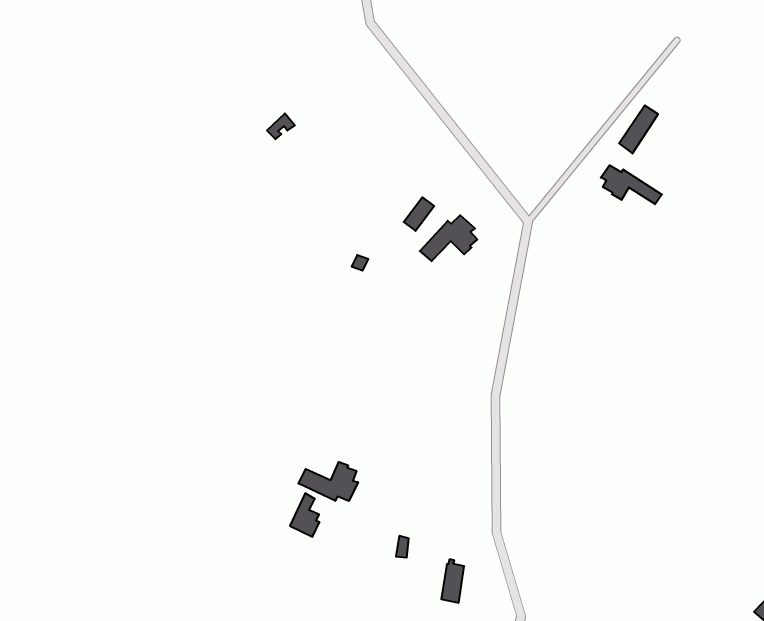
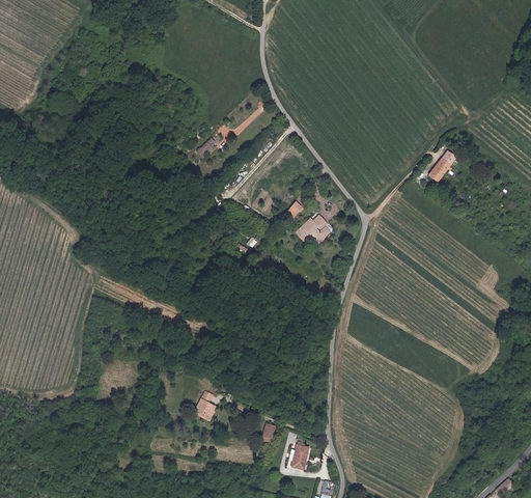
building: [601,165,662,204] -> none
building: [298,462,358,501] -> none

